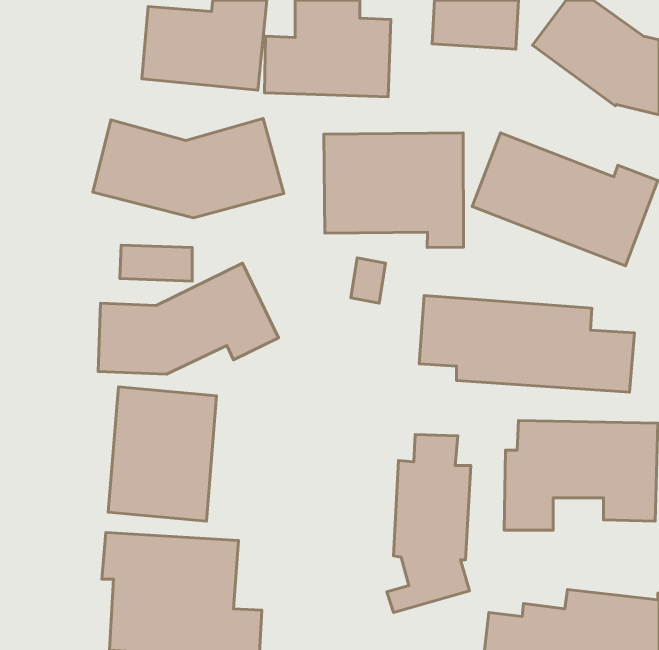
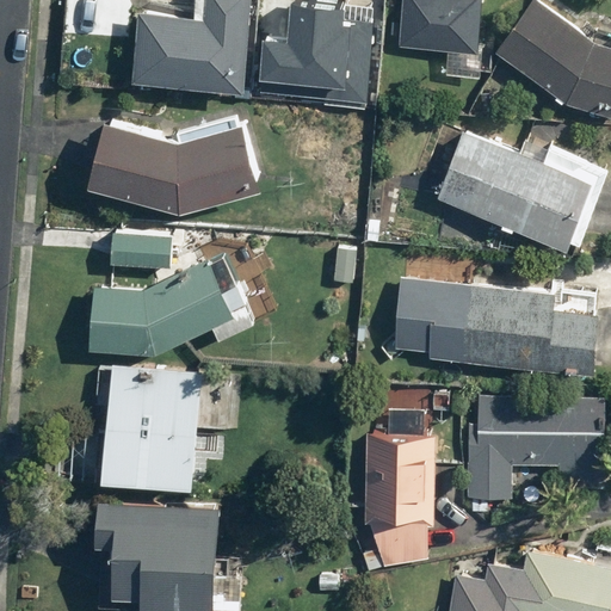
building: [324,133,464,248] -> none

